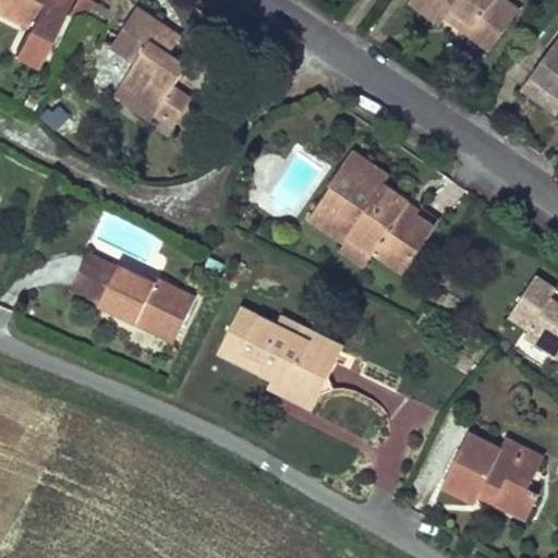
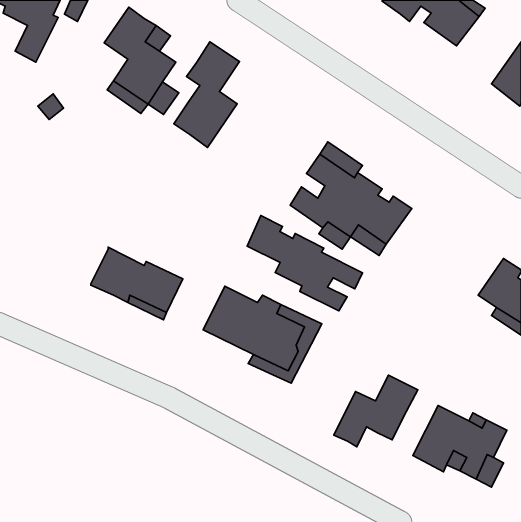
building: none -> [174,42,240,147]
building: none -> [247,216,363,311]
building: [68,252,116,303] -> none
building: none -> [334,375,418,447]

